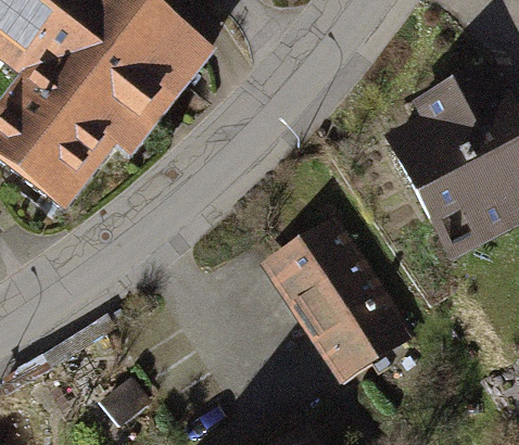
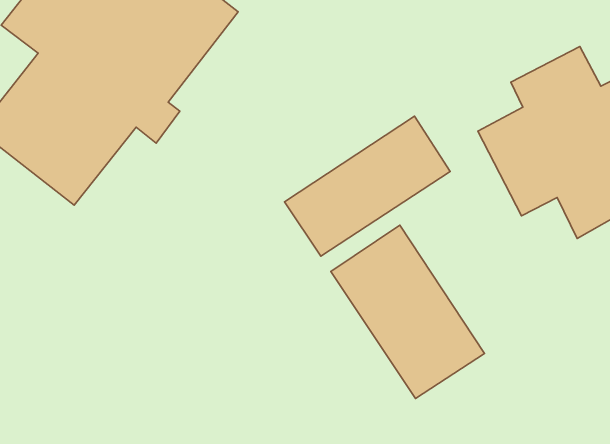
building: none -> [285,116,450,256]

